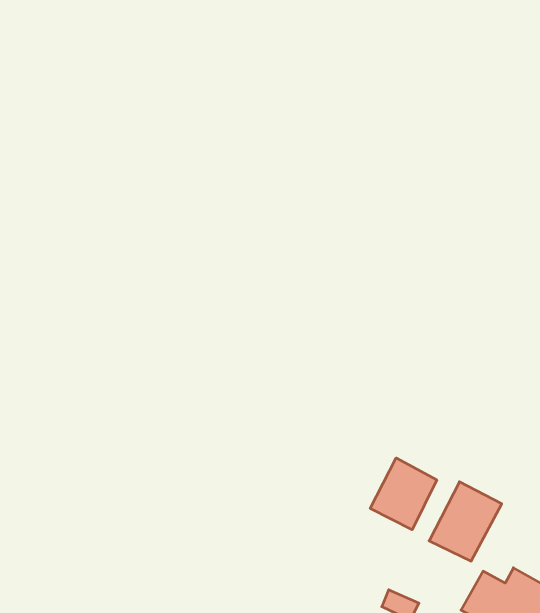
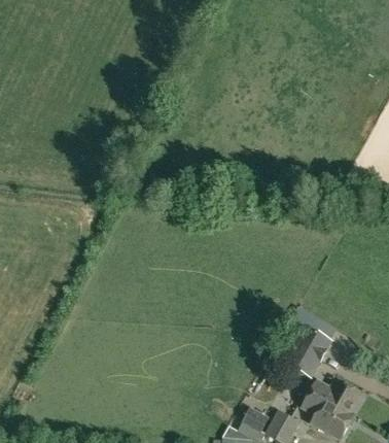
building: [370,458,437,530] -> none

